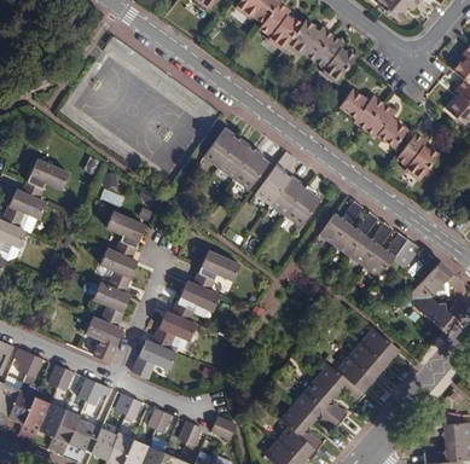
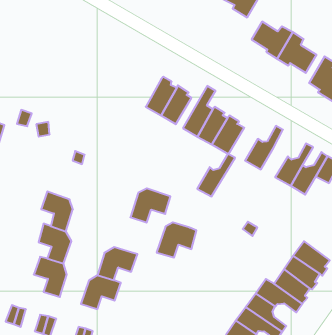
building: [203,126,238,167] -> none
building: [105,211,140,257] -> none
building: [335,211,378,255] -> [197,154,235,196]
building: [170,283,215,320] -> [157,222,196,258]

